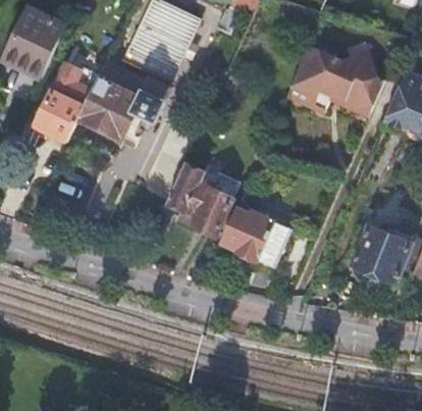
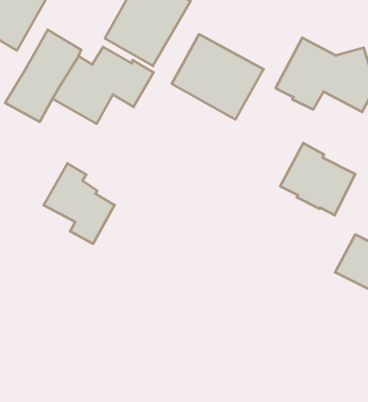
building: none -> [172,34,264,119]
building: [165,163,231,237] -> [44,163,115,244]
building: [220,200,289,265] -> [280,143,355,215]

